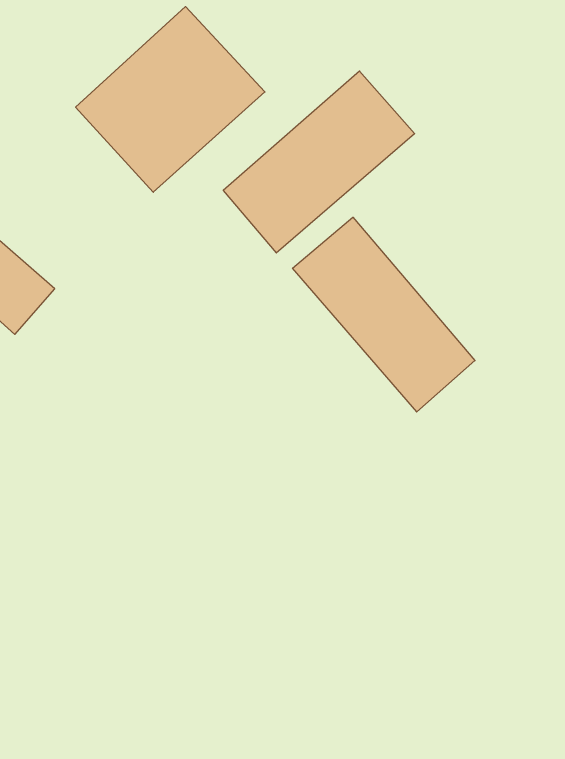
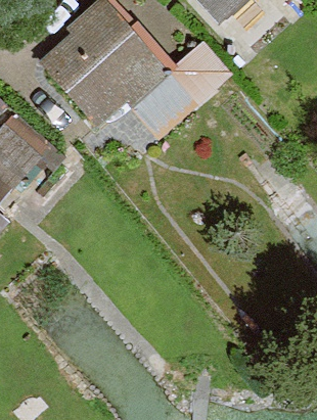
building: [293,217,475,412] -> none

